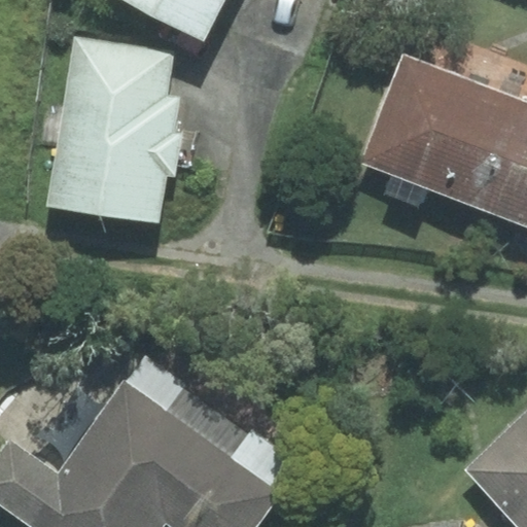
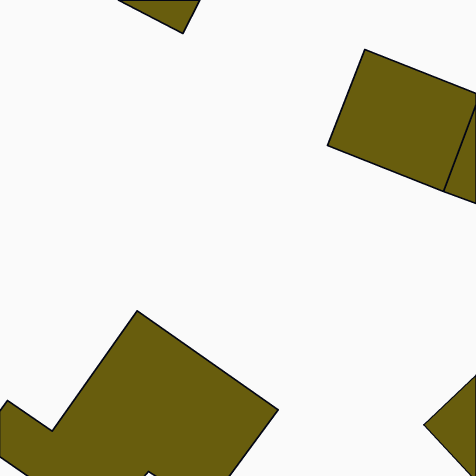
building: [50,43,180,220] -> none

